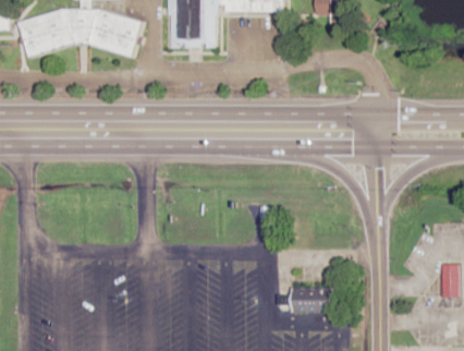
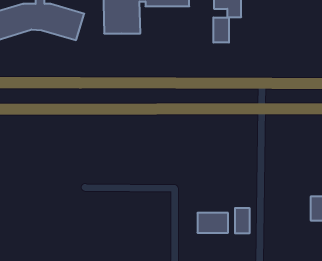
building: none -> [213,17,229,43]
building: none -> [235,208,249,233]

